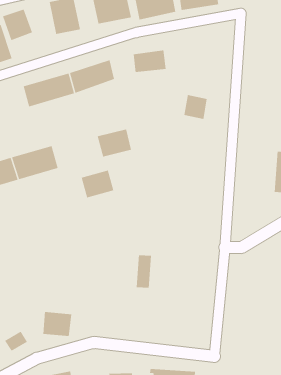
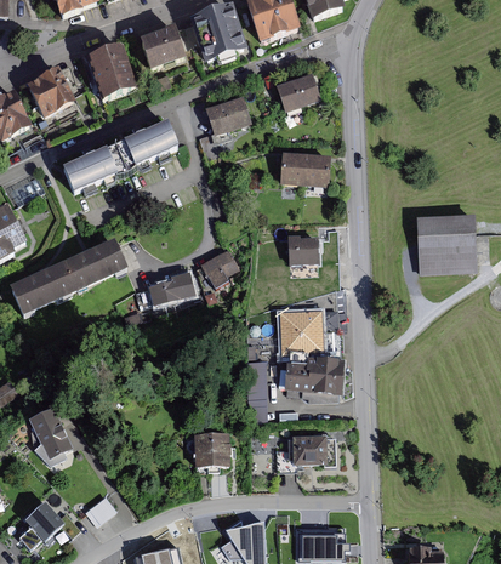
building: none -> [274,75,317,109]
building: none -> [308,156,338,187]
building: [97,129,132,157] -> [189,252,238,294]
building: none -> [284,234,323,264]
building: none -> [273,308,346,393]
building: none -> [286,433,321,462]
building: [42,312,72,337] -> [192,434,229,466]

